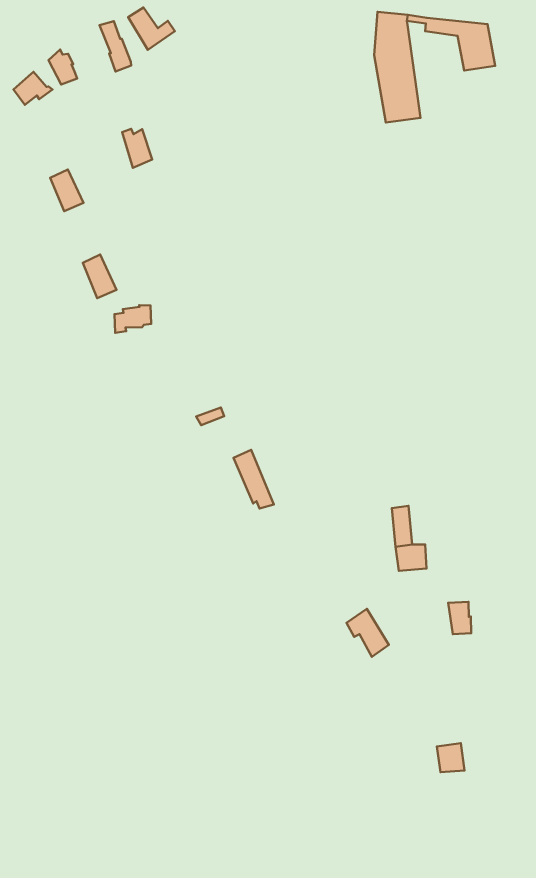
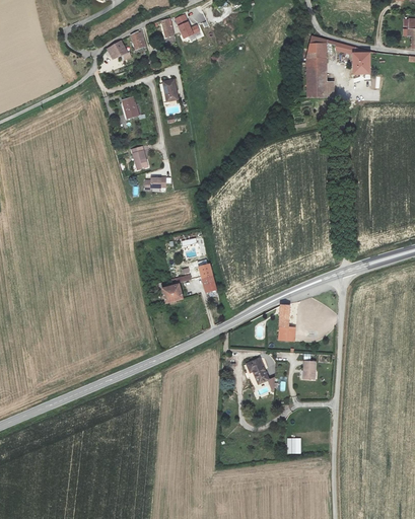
building: none -> [162,275,192,303]

